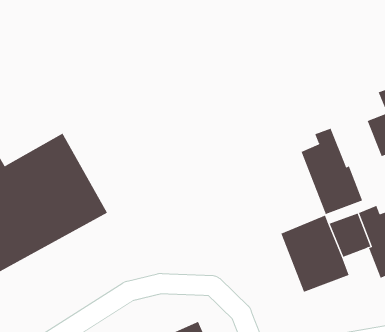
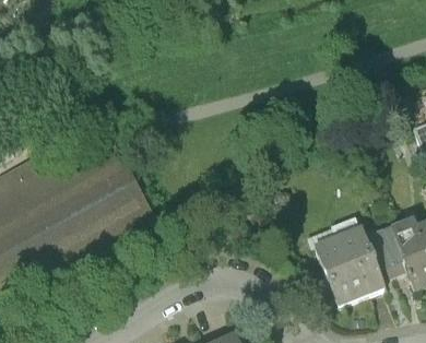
building: [301,128,363,215] -> none

